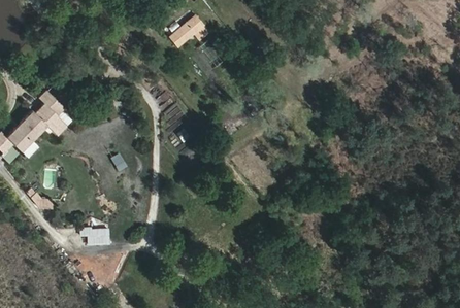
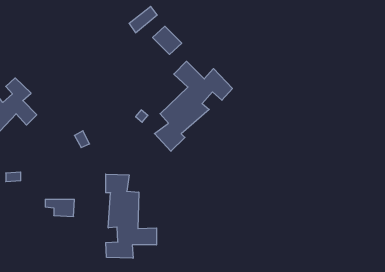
building: none -> [154,61,232,151]
building: none -> [106,174,156,258]

